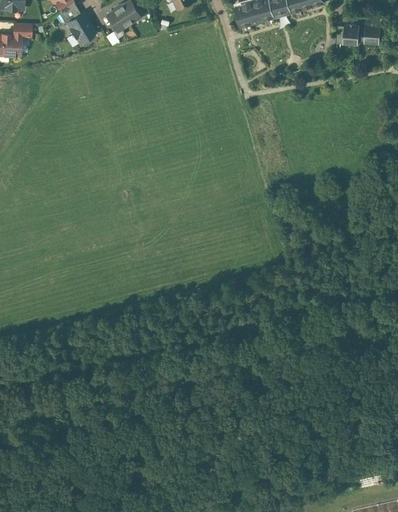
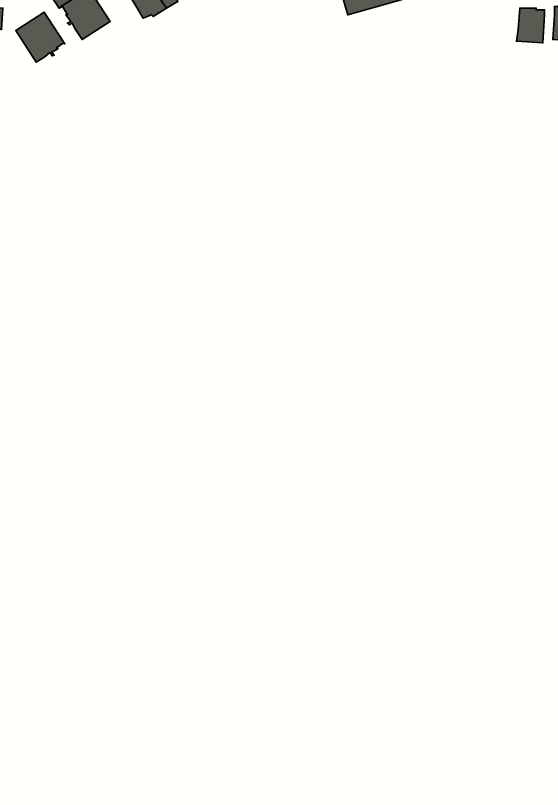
building: none -> [16,12,65,62]

